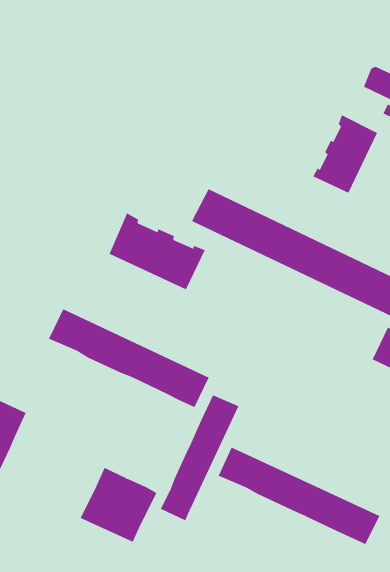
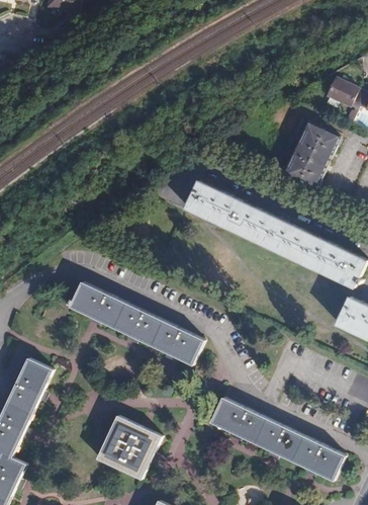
building: [109,213,206,290] -> none
building: [160,394,239,521] -> none

